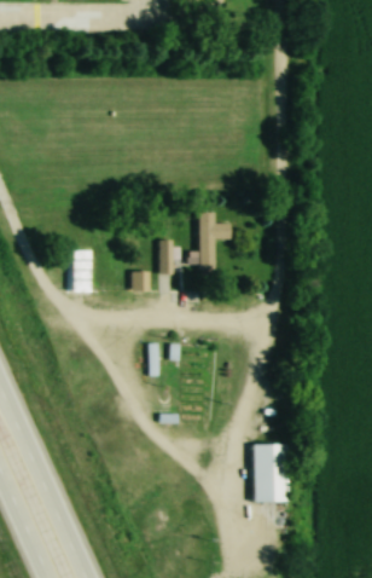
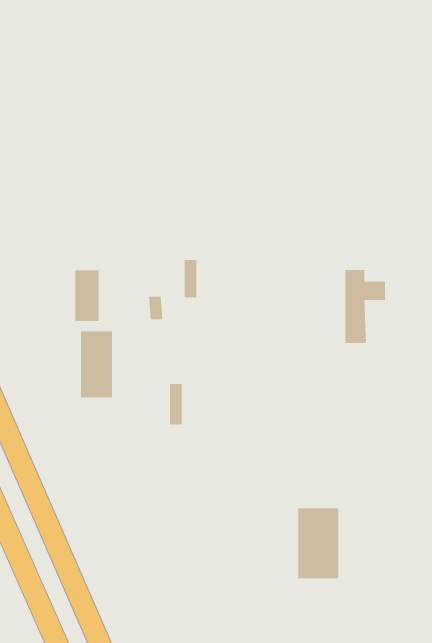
building: [198,213,232,273] -> [345,269,386,343]
building: none -> [80,331,112,398]

